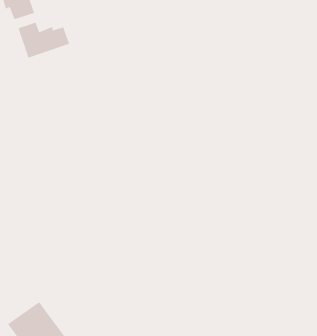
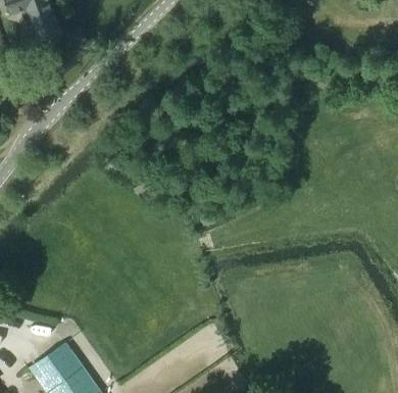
building: [18,22,70,58] -> none

